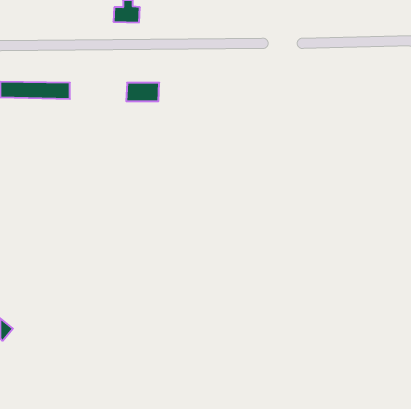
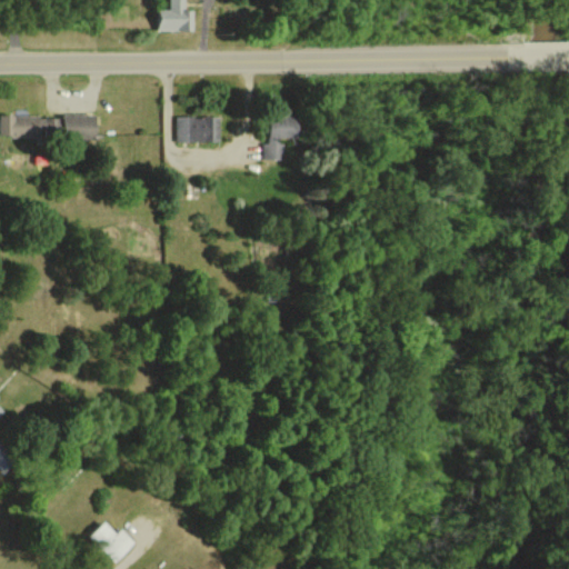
building: none -> [261,118,298,161]
building: none -> [89,522,134,563]

